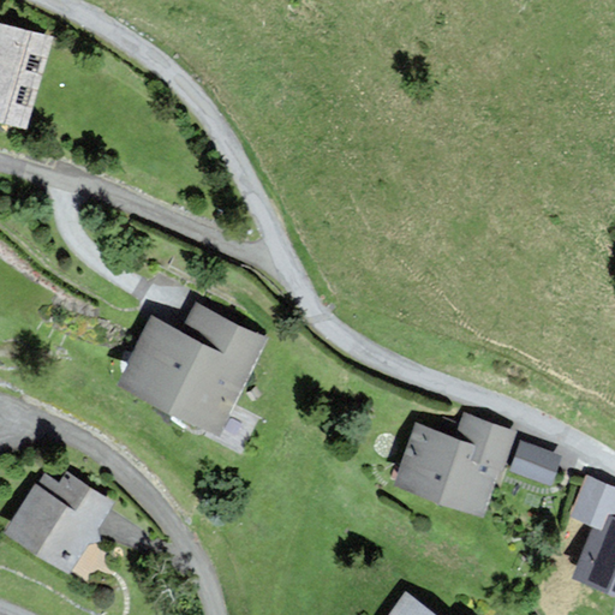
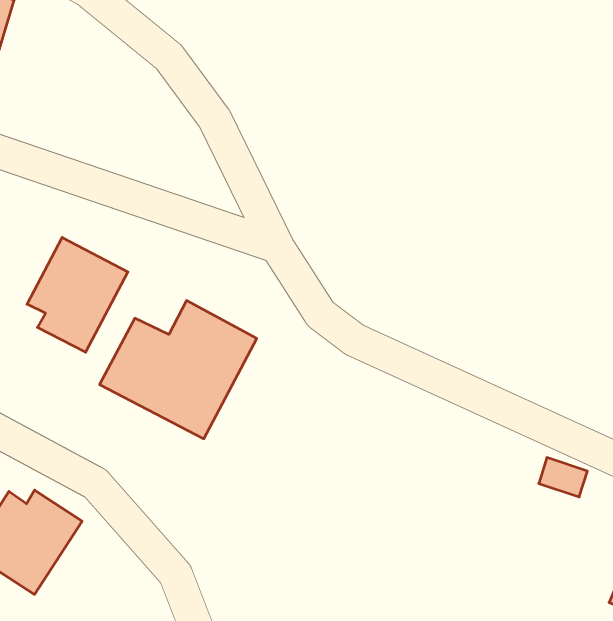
building: none -> [27,237,128,352]
building: [398,416,512,512] -> none

